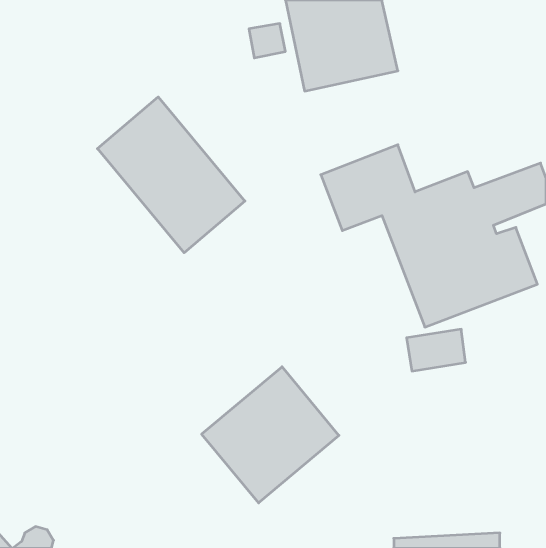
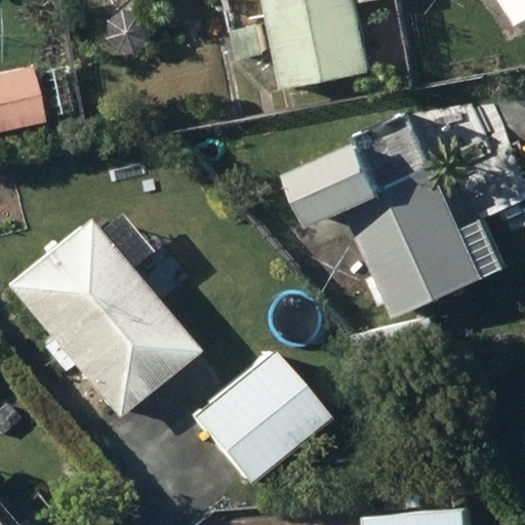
building: [97,97,245,253] -> none
building: none -> [5,212,192,413]

